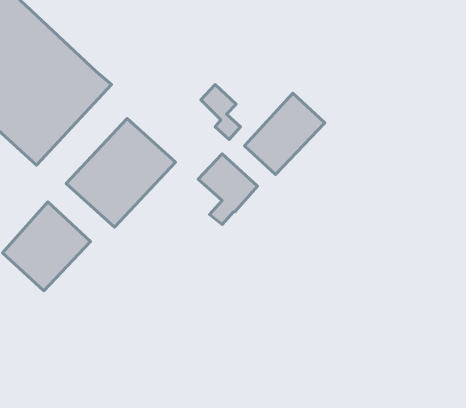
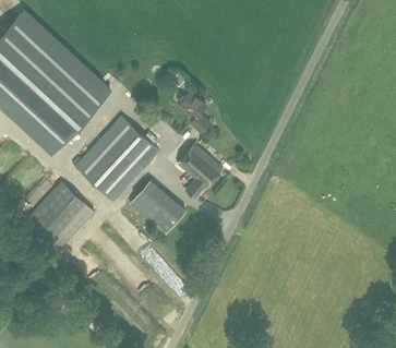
building: [245,93,325,174] -> none
building: none -> [130,180,184,233]

